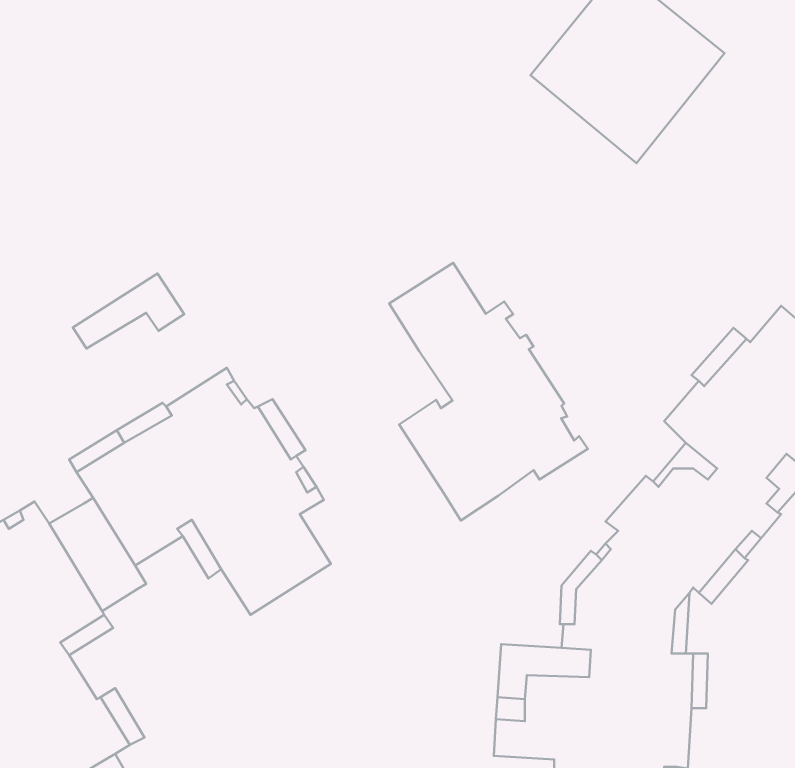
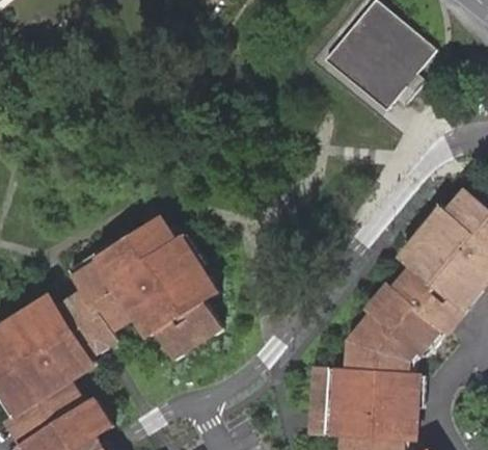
building: [389,263,588,520] -> none
building: [73,273,184,349] -> none

